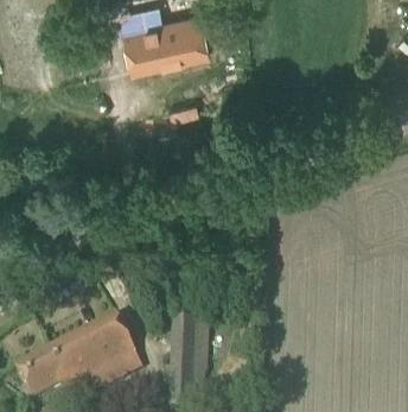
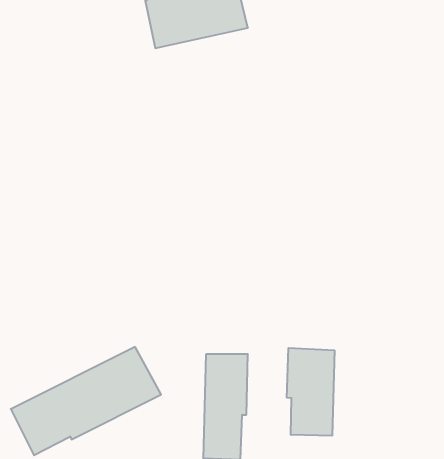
building: none -> [287,348,334,436]

